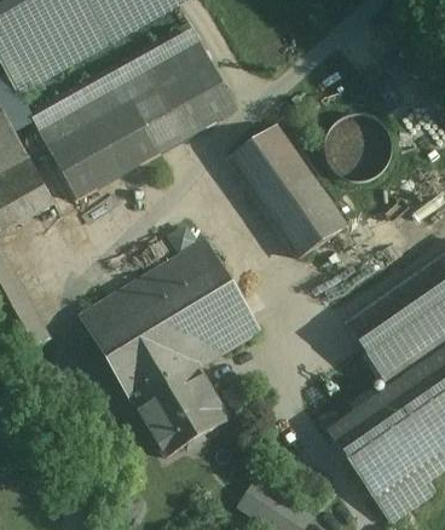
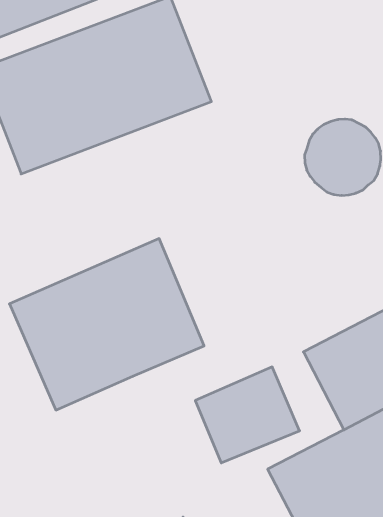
building: [231,126,343,257] -> none
building: [134,364,230,455] -> [195,367,300,463]

